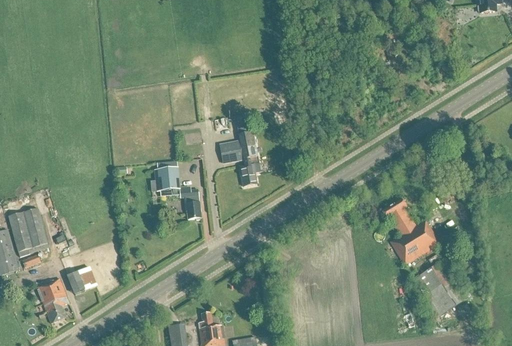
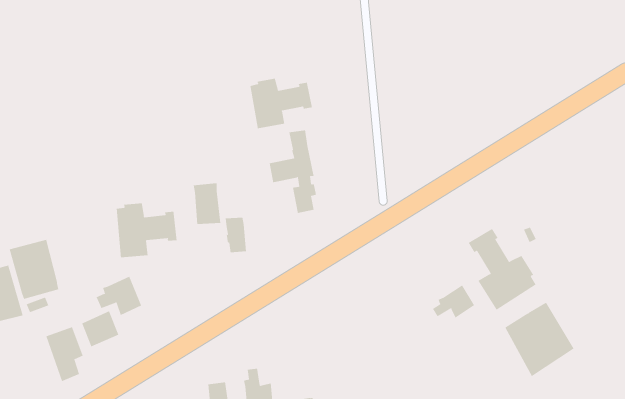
building: none -> [250,78,313,129]
building: none -> [116,203,177,258]
building: none -> [96,276,142,316]
building: none -> [432,284,475,318]

